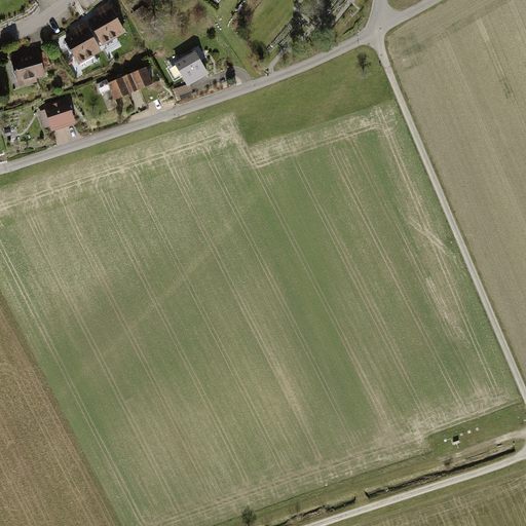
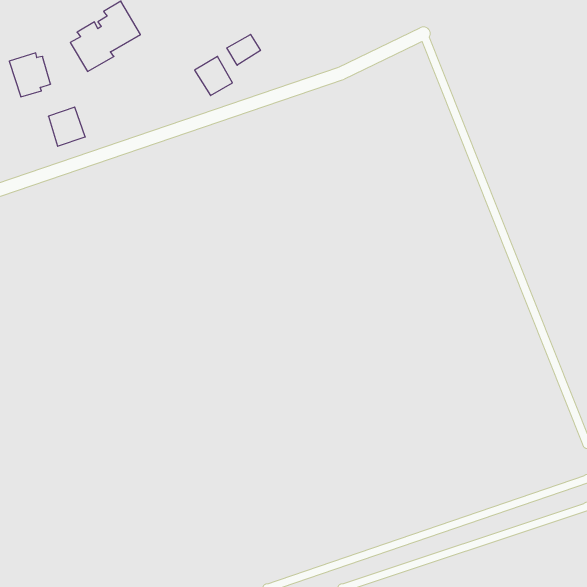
building: none -> [227,34,260,65]
building: [107,67,153,101] -> none

